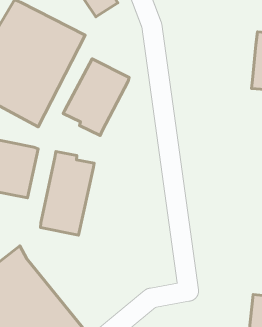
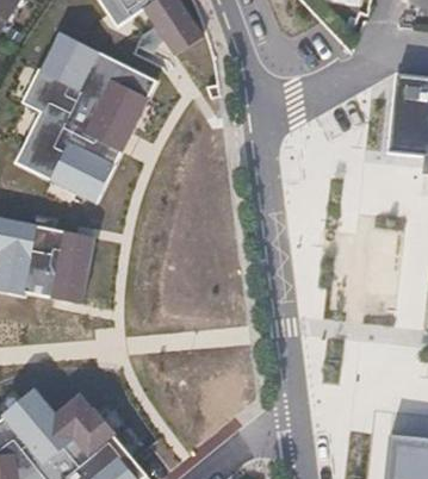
building: [63,59,129,136] -> none
building: [40,151,94,235] -> none

